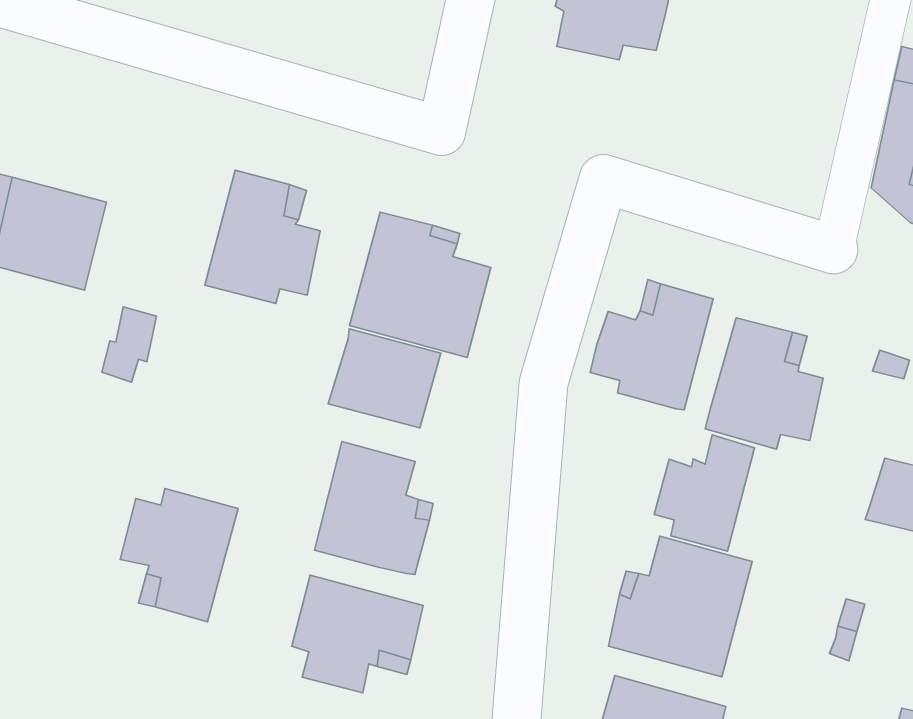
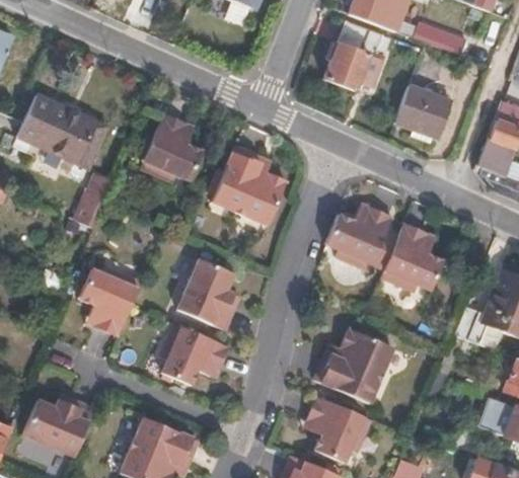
building: none -> [402,82,458,136]
building: [328,329,441,428] -> none
building: [654,435,755,551] -> none

